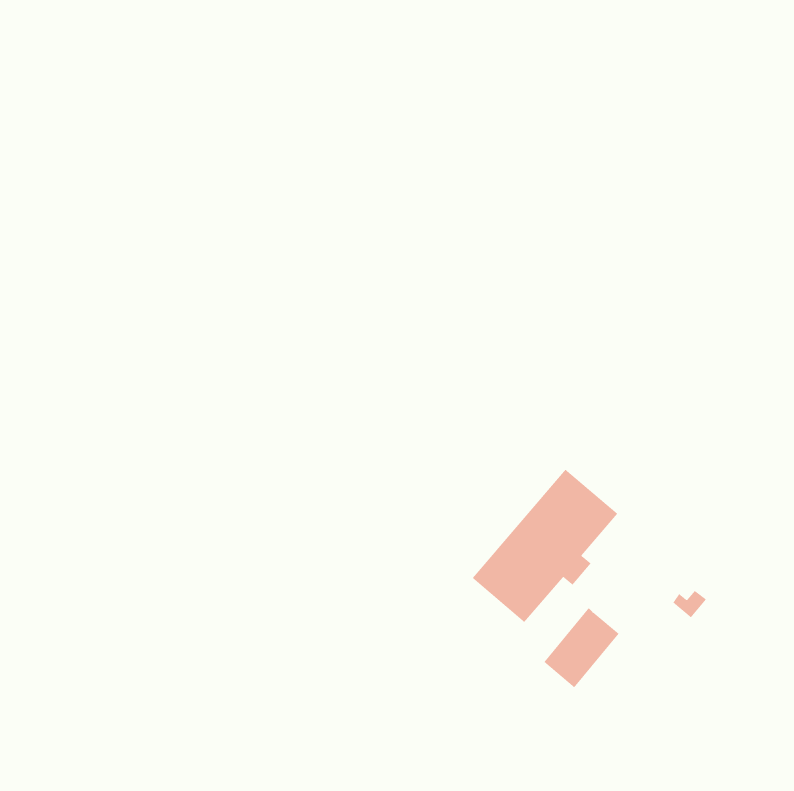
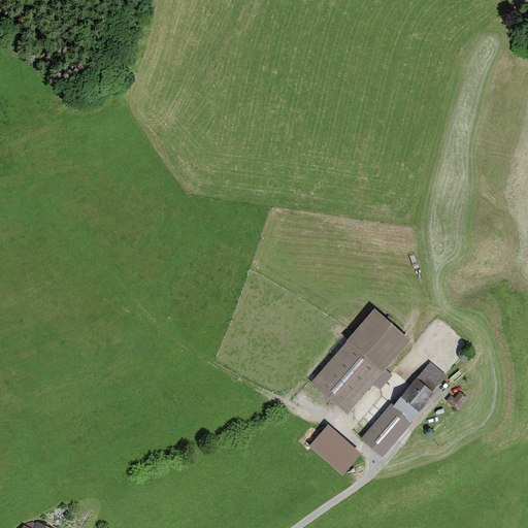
building: none -> [393,361,448,420]
building: none -> [309,425,361,475]

